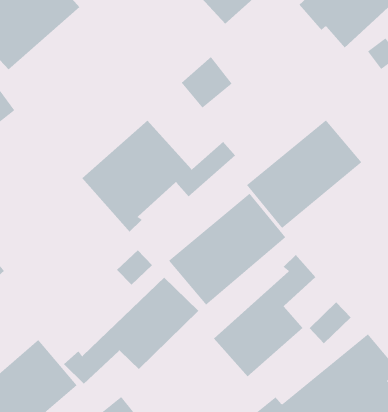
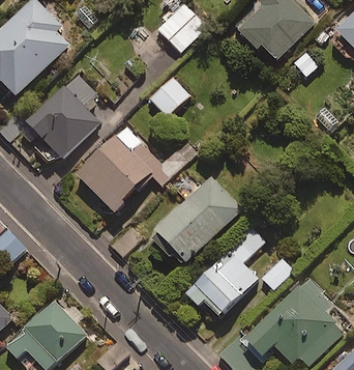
building: none -> [22,72,99,160]
building: [246,120,362,229] -> none
building: [63,277,199,384] -> none

